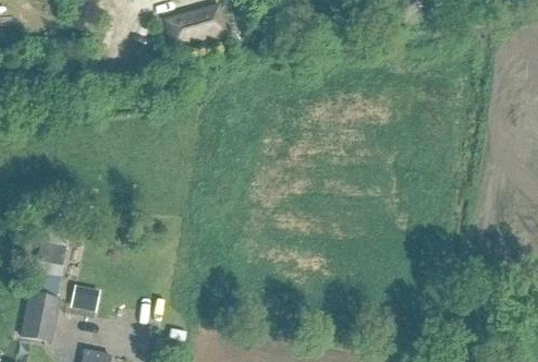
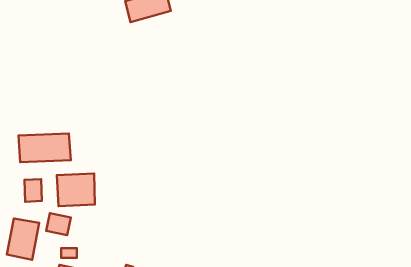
building: none -> [18,133,71,162]
building: none -> [57,174,95,206]

